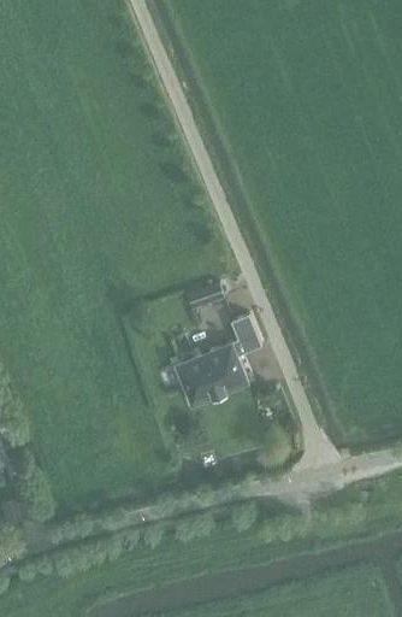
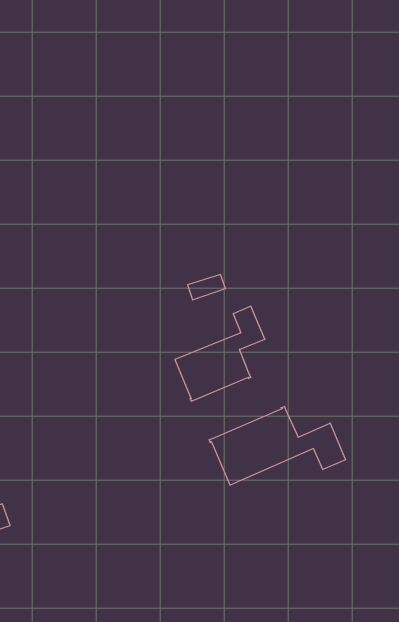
building: none -> [209,406,346,485]

